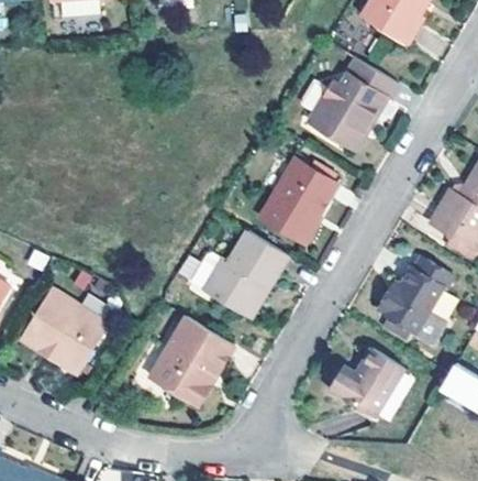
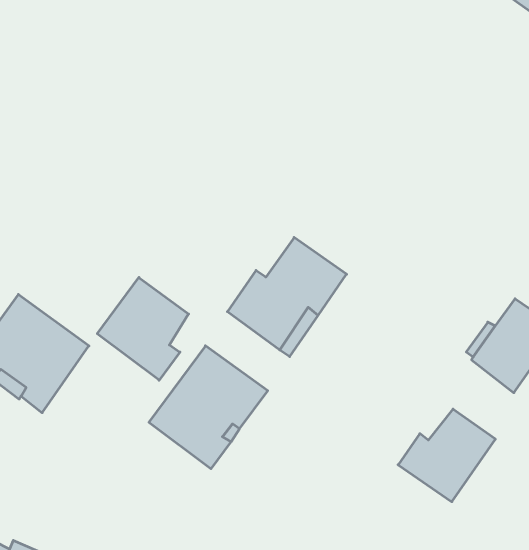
building: [309,61,398,152] -> none
building: [259,160,335,243] -> none
building: none -> [97,277,189,380]

